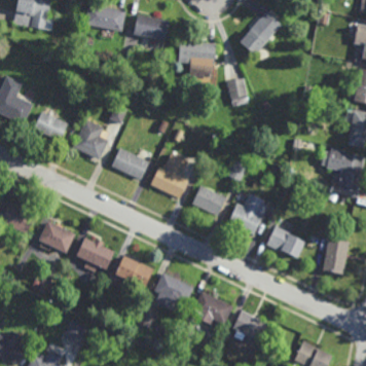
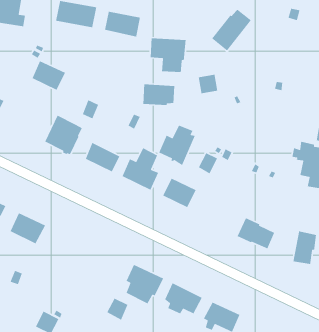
building: none -> [143,84,175,106]
building: [33,113,68,144] -> [31,60,66,91]
building: [229,192,267,234] -> [158,124,196,166]
building: [75,235,113,268] -> none
building: [109,254,153,291] -> none

